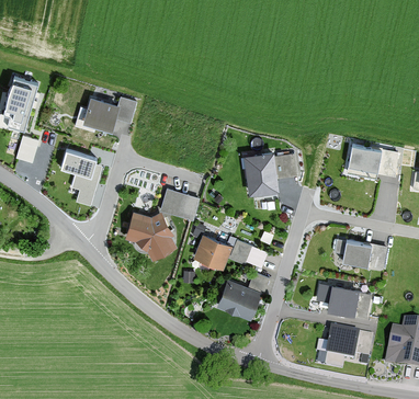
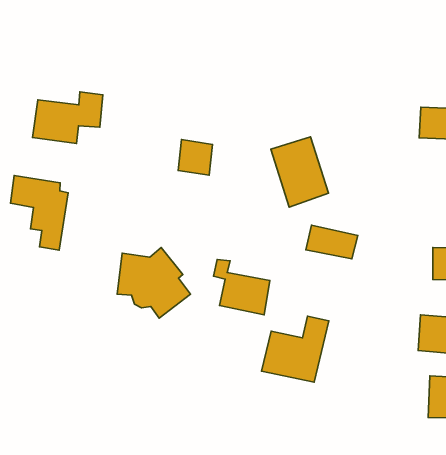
building: [161,191,188,218] -> [178,140,213,175]
building: [229,242,267,270] -> [306,225,358,259]

